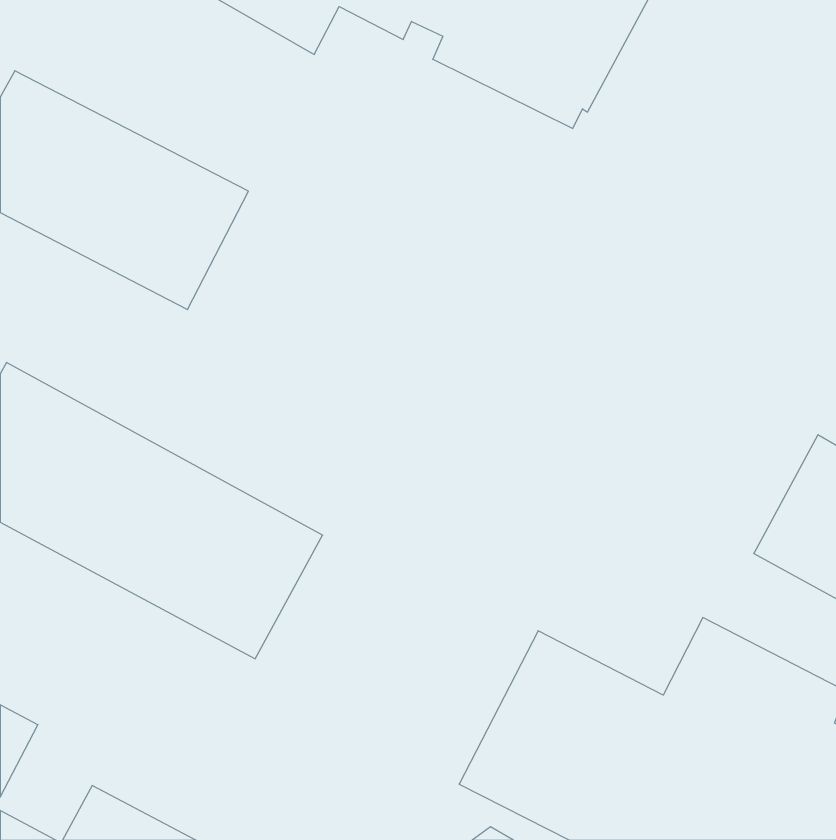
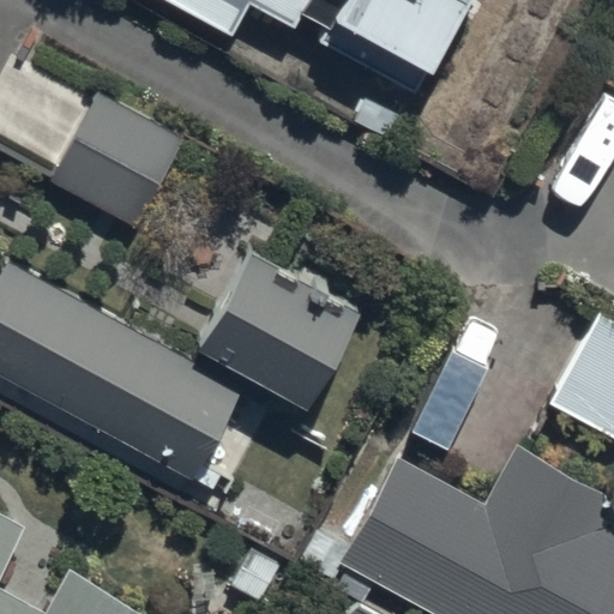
building: none -> [198,254,357,410]

